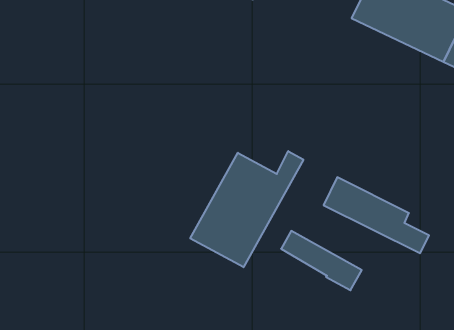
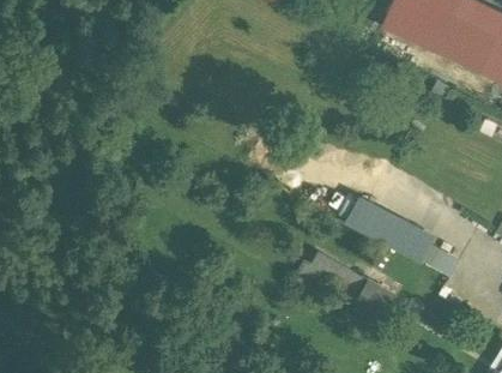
building: [190,151,303,267] -> none

